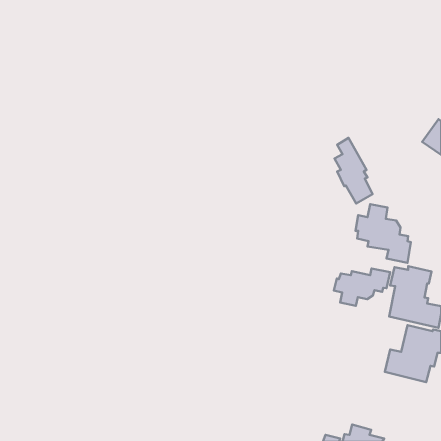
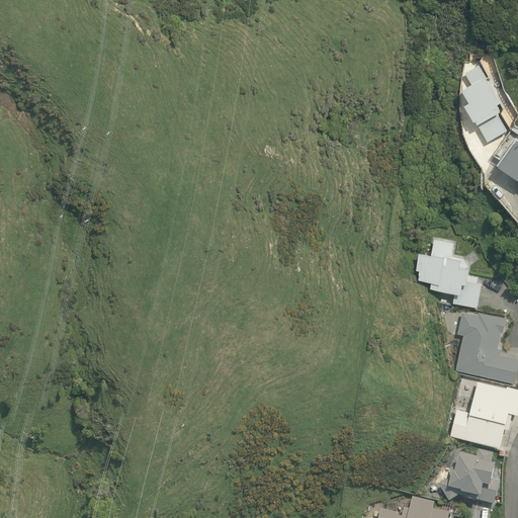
building: [335,138,373,204] -> [462,64,507,141]
building: [334,268,390,306] -> none
building: none -> [442,452,498,503]

